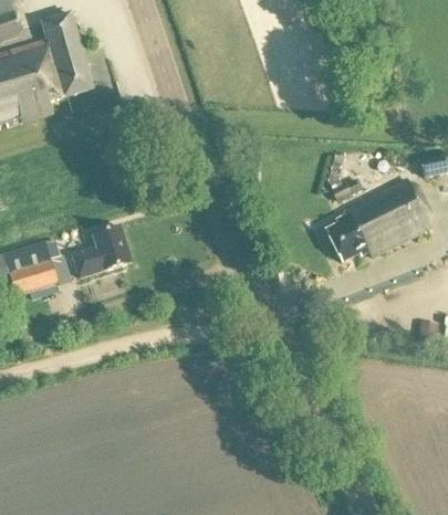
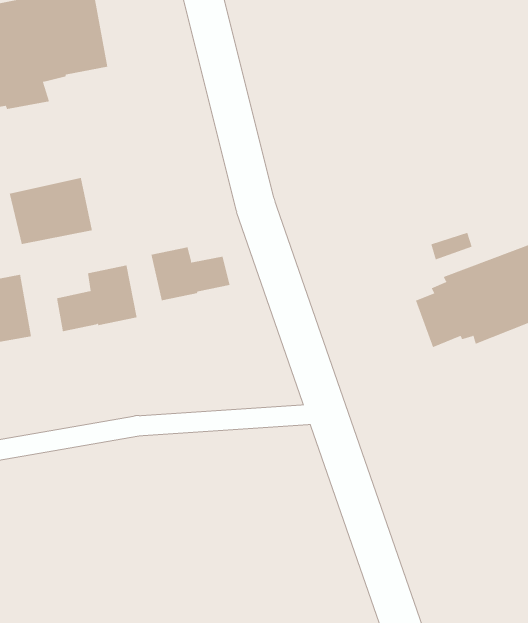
building: none -> [9,177,93,245]
building: none -> [151,246,230,301]

